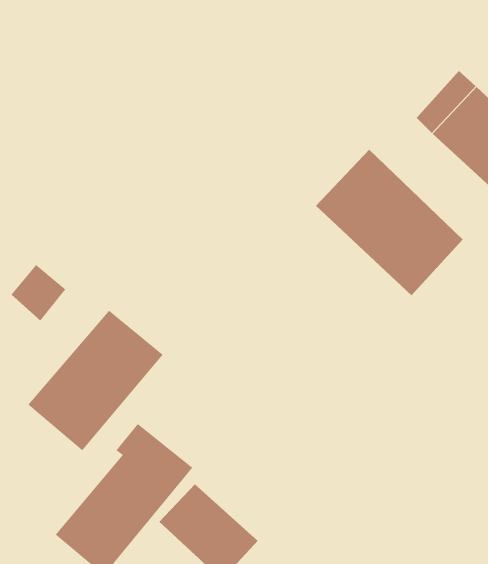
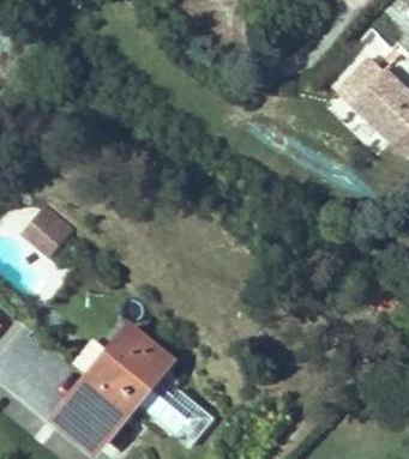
building: [315,149,463,296] -> none
building: [28,310,164,451] -> none

